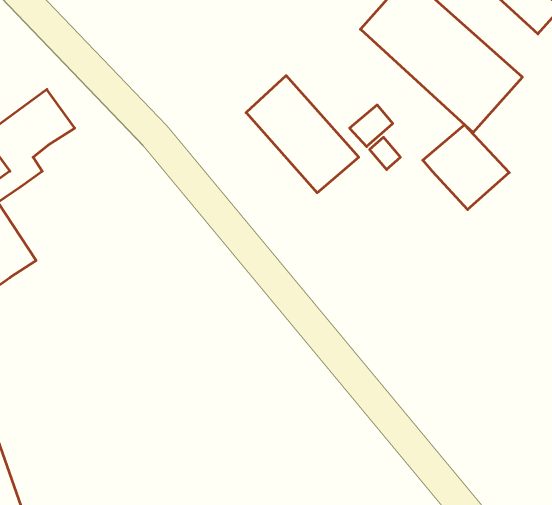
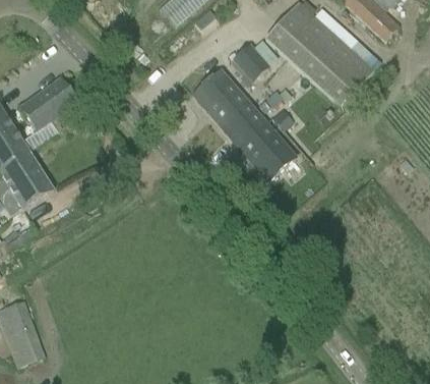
building: none -> [235,44,268,79]
building: [423,125,509,210] -> [239,121,296,177]

